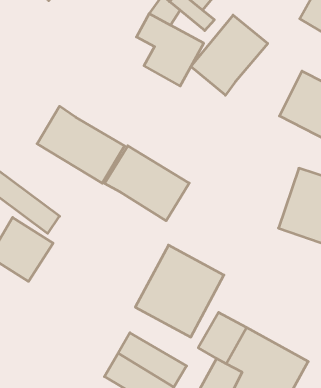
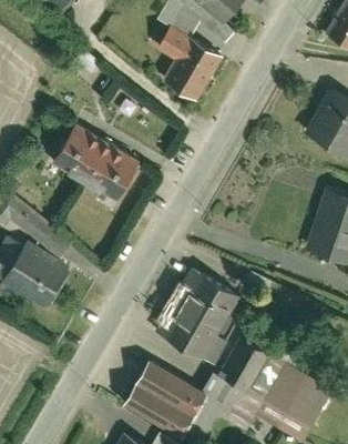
building: [191,15,268,95] -> none
building: [105,146,189,221] -> none

